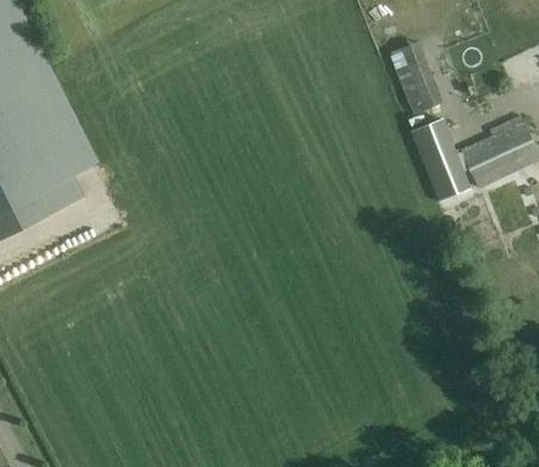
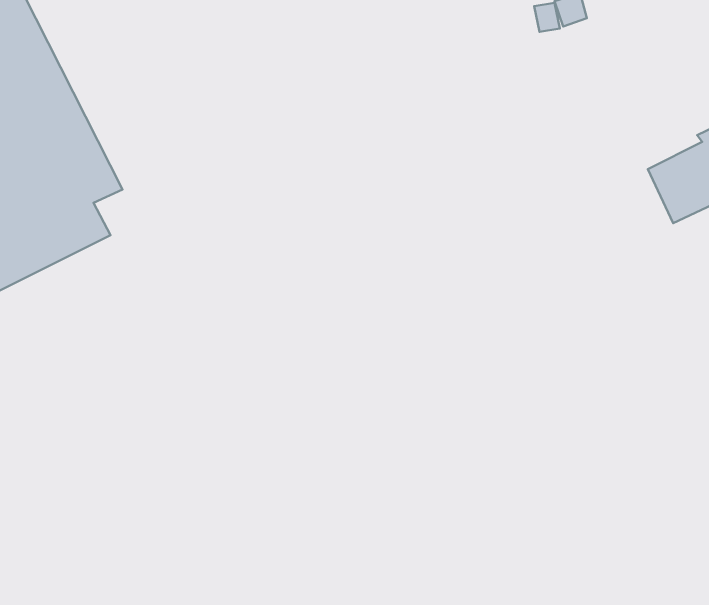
building: [396,56,445,115] -> none
building: [413,117,472,201] -> none

